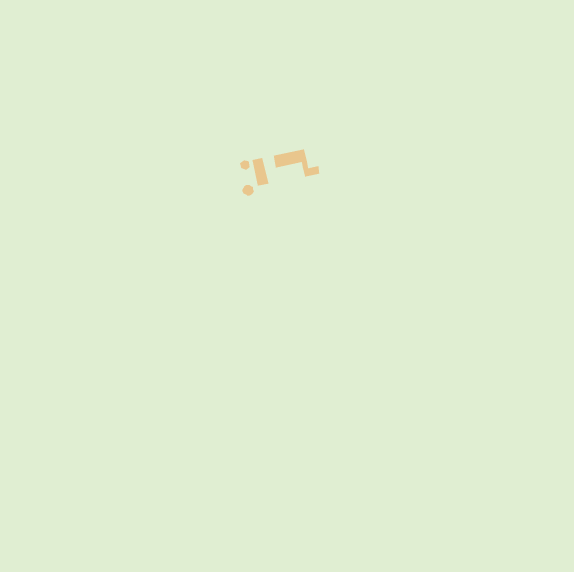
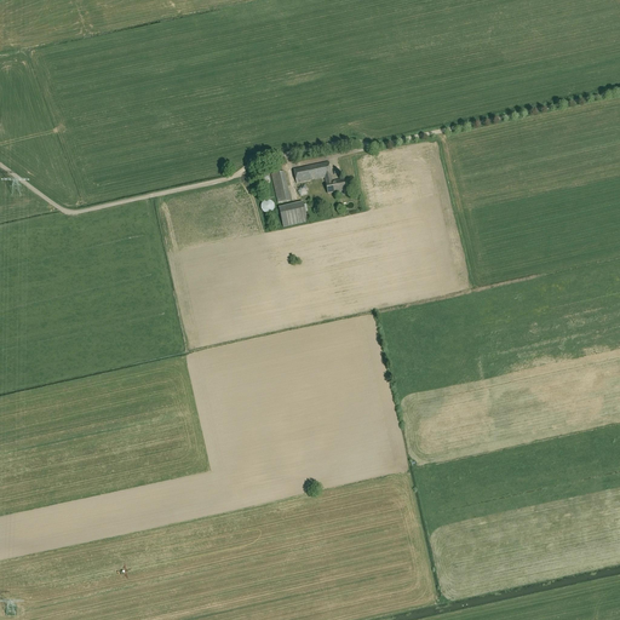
building: none -> [279,200,310,225]

